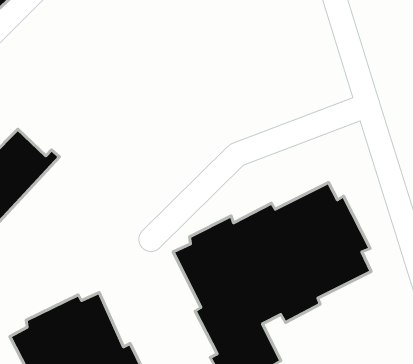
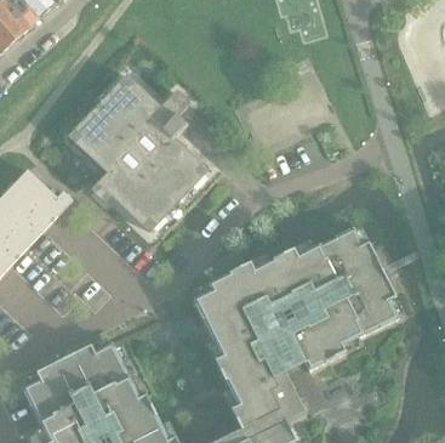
building: none -> [69,75,206,231]

